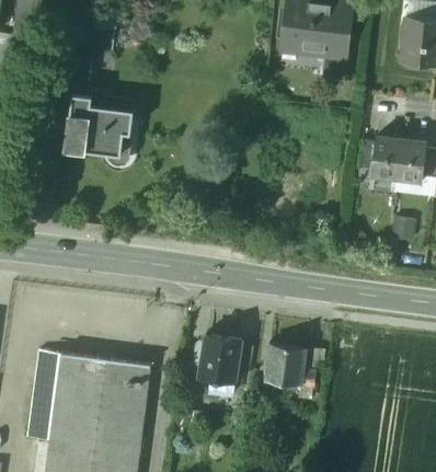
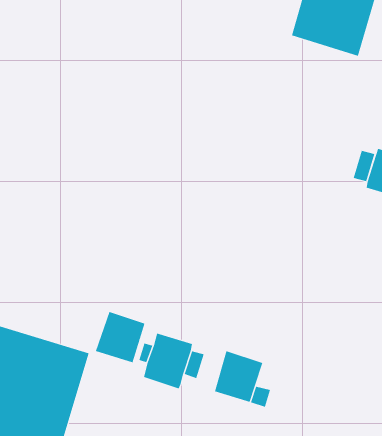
building: [62,59,134,156] -> none
building: none -> [95,311,145,363]

